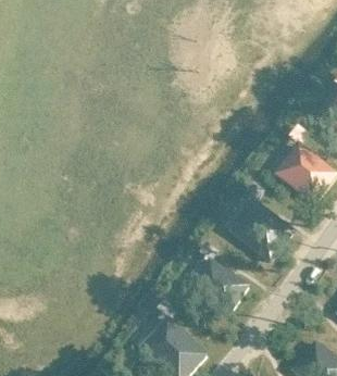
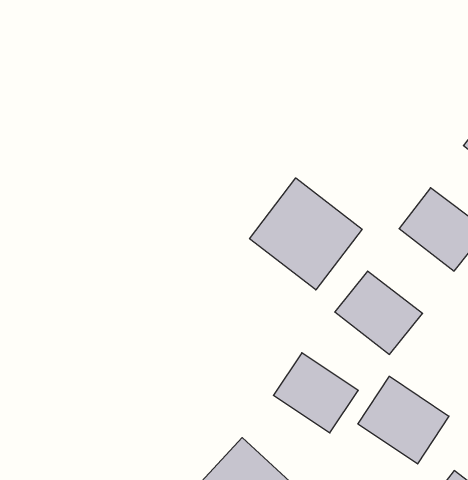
building: none -> [250,178,362,290]
building: none -> [358,376,449,464]

